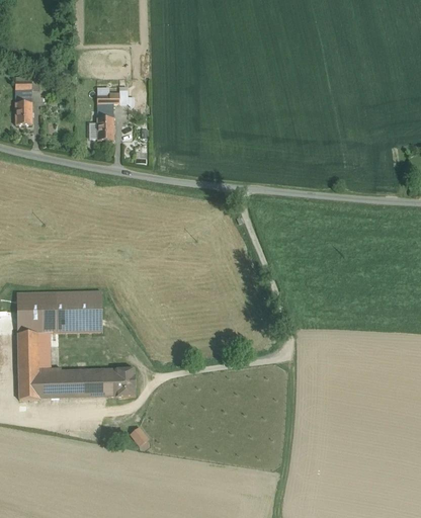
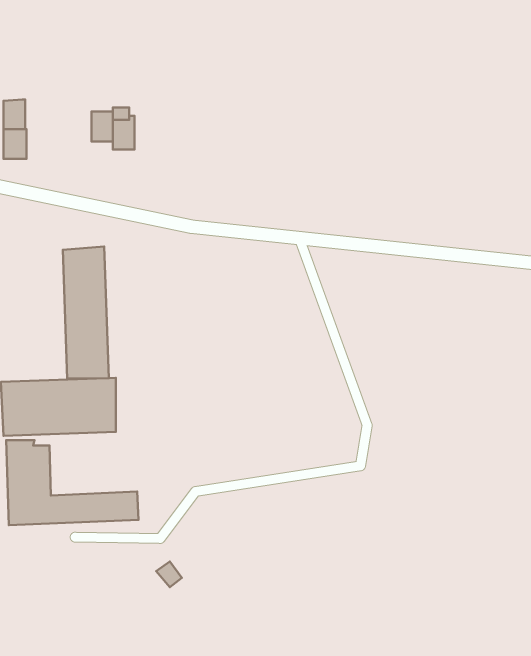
building: [97,117,113,140] -> [91,112,113,141]
building: none -> [63,246,109,379]
building: [115,369,136,401] -> none

